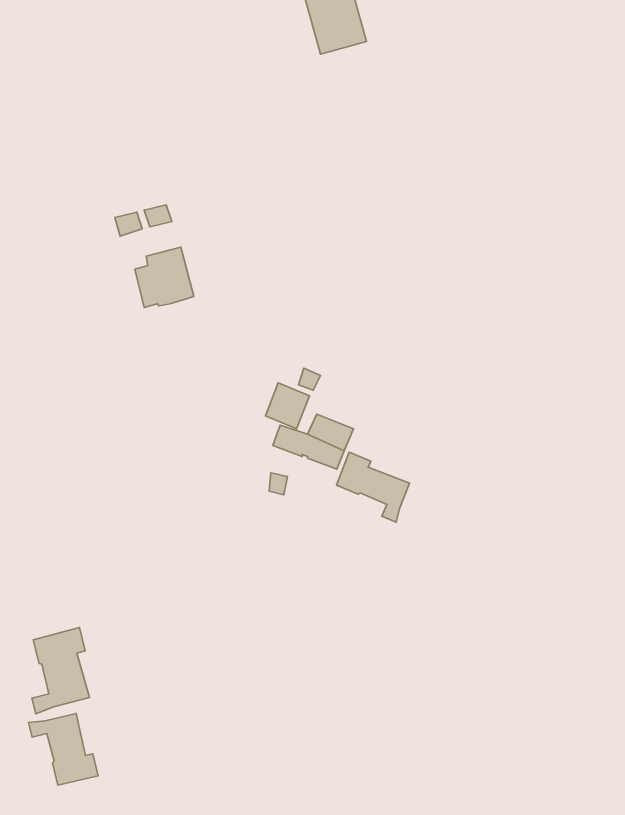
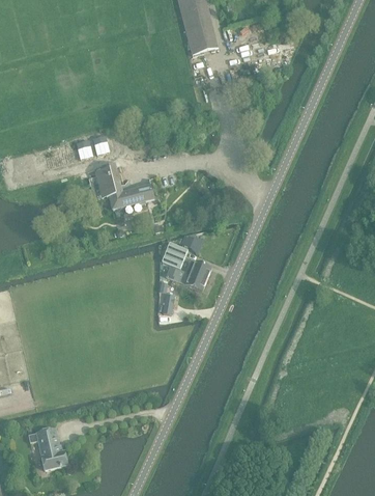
building: none -> [107,185,152,209]
building: [336,452,410,522] -> none
building: [32,627,89,714] -> none

